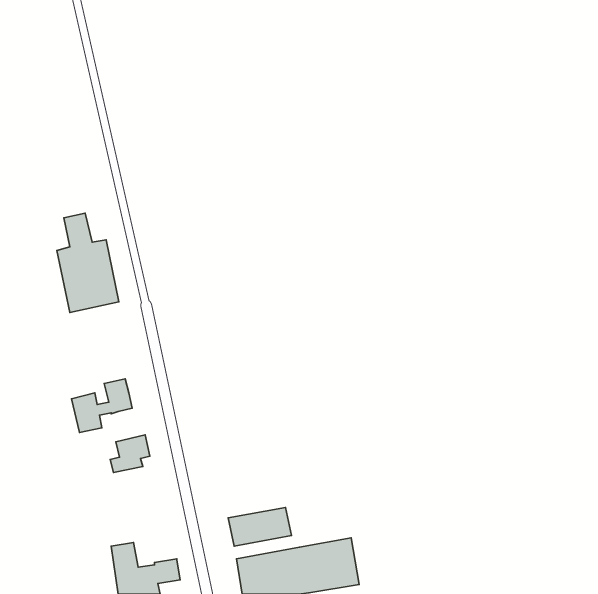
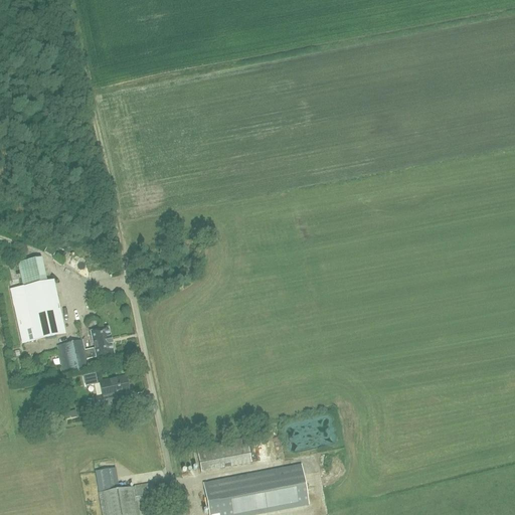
building: [57,213,119,312] -> [11,255,64,341]

